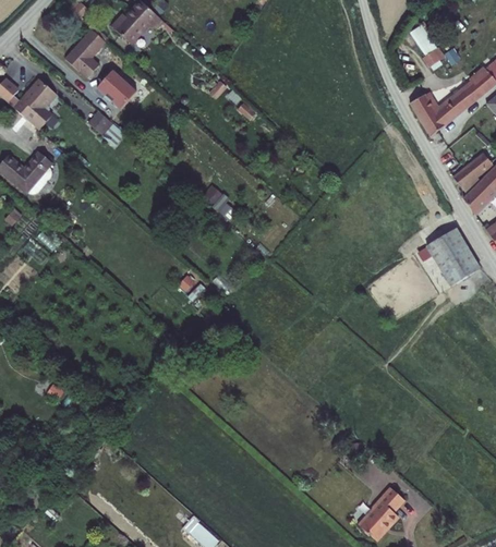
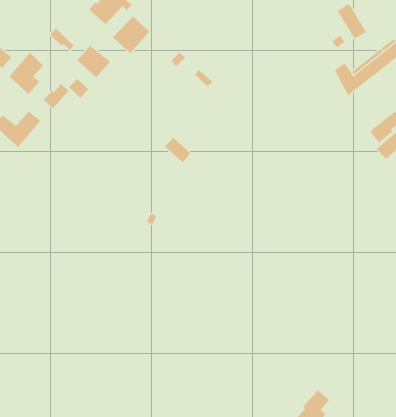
building: [74,31,109,73] -> none
building: none -> [112,16,150,54]
building: none -> [43,83,70,109]
building: [426,228,479,284] -> none

